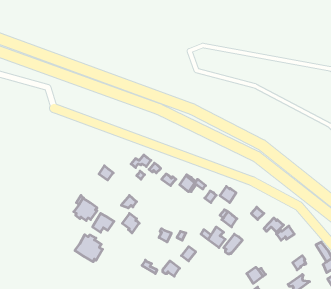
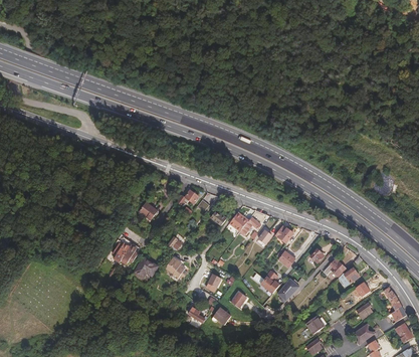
building: [75,235,103,262] -> none

